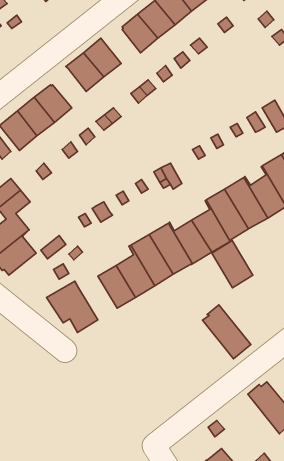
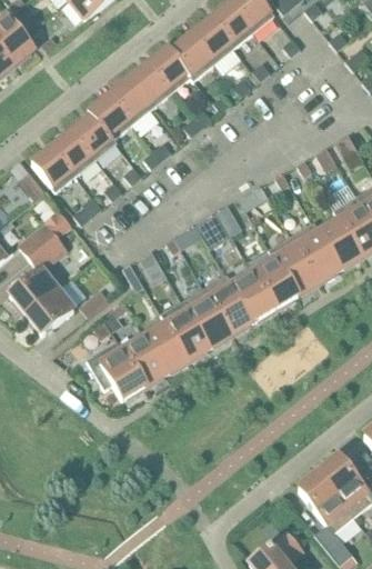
building: none -> [148,44,193,90]
building: none -> [87,93,131,141]
building: [212,240,253,288] -> none
building: none -> [122,335,167,385]
building: [202,305,251,359] -> [298,470,353,532]

